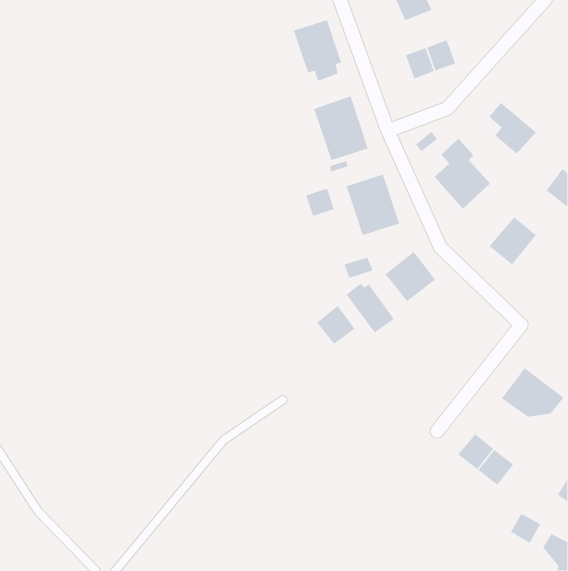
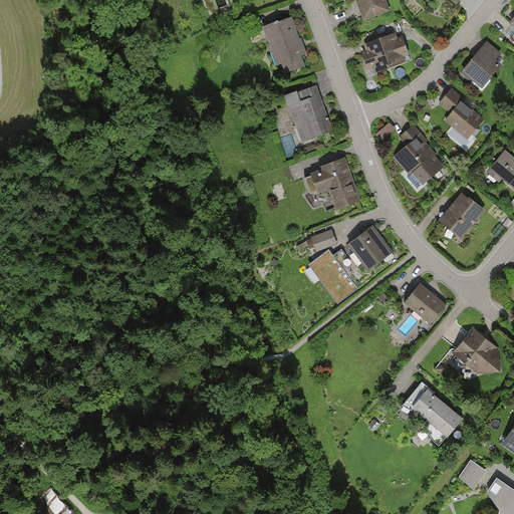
building: none -> [464,45,498,90]
building: [305,188,335,217] -> none
building: [316,305,356,345] -> none
building: none -> [405,284,445,322]

